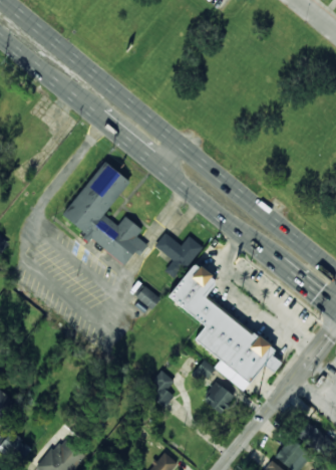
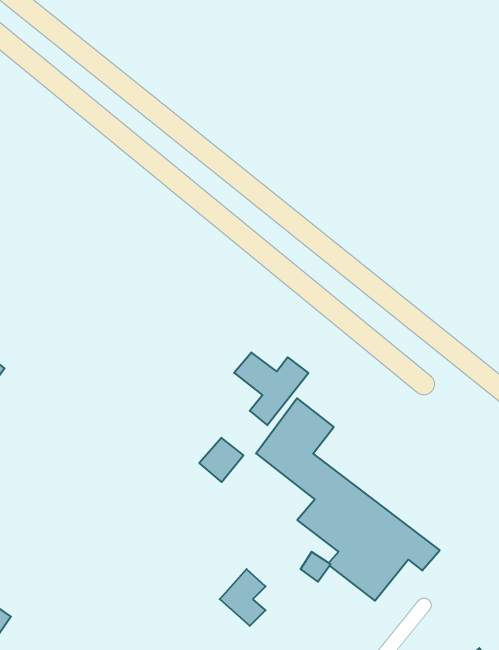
building: [63,161,148,265] -> none
building: [203,383,235,414] -> none

